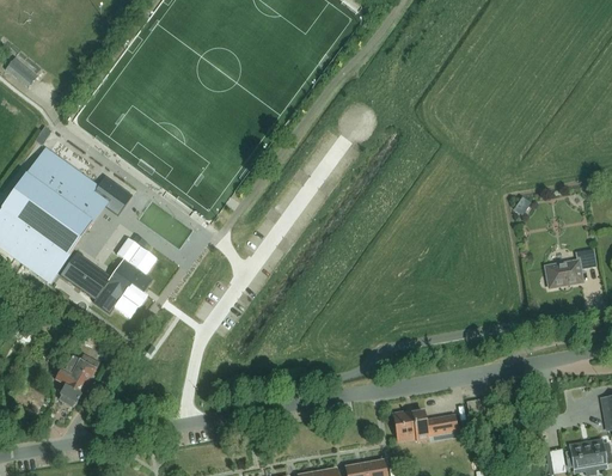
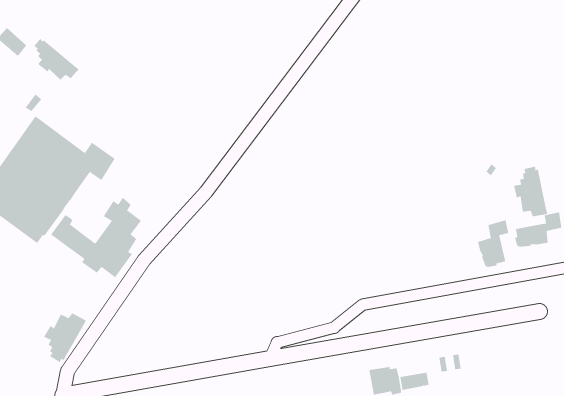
building: none -> [34,38,79,80]
building: none -> [513,166,548,217]
building: none -> [478,220,509,268]

